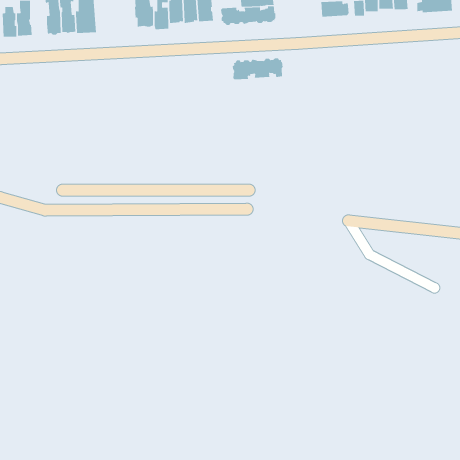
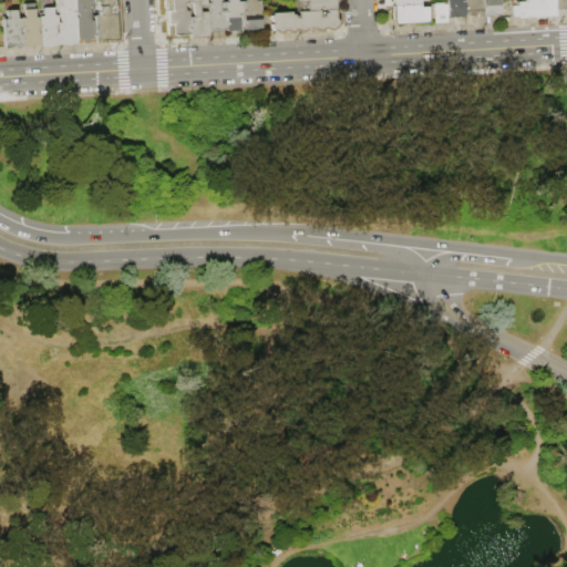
building: none -> [41,4,61,44]
building: [232,57,283,80] -> none

